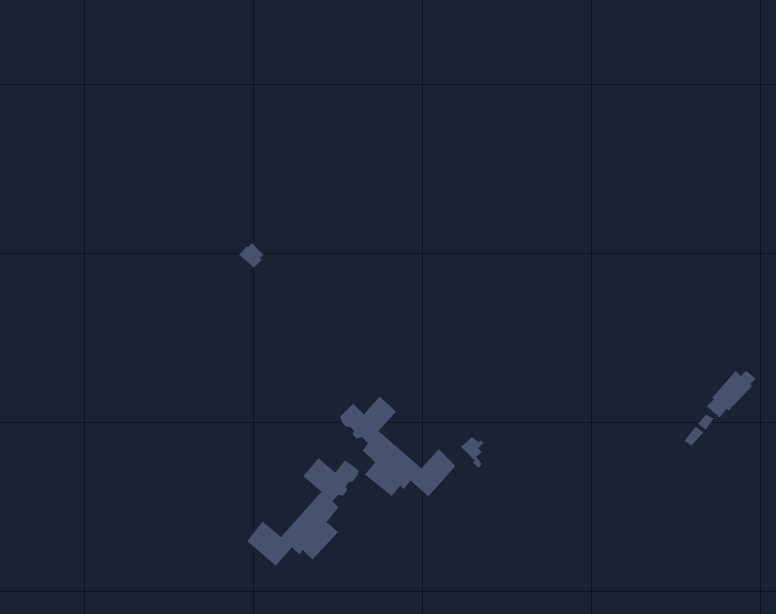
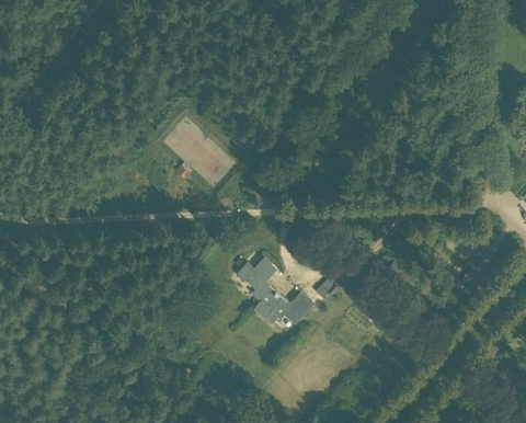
building: [246,457,360,567] -> none

